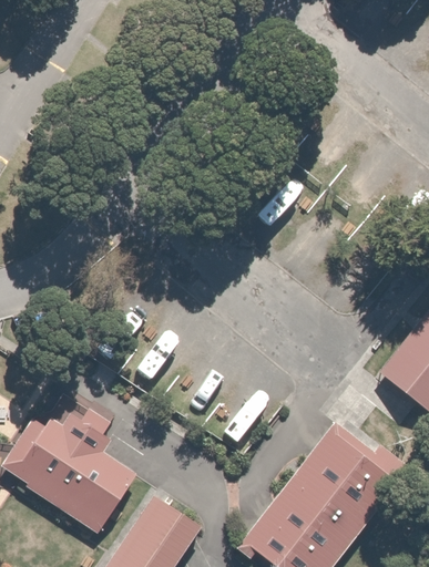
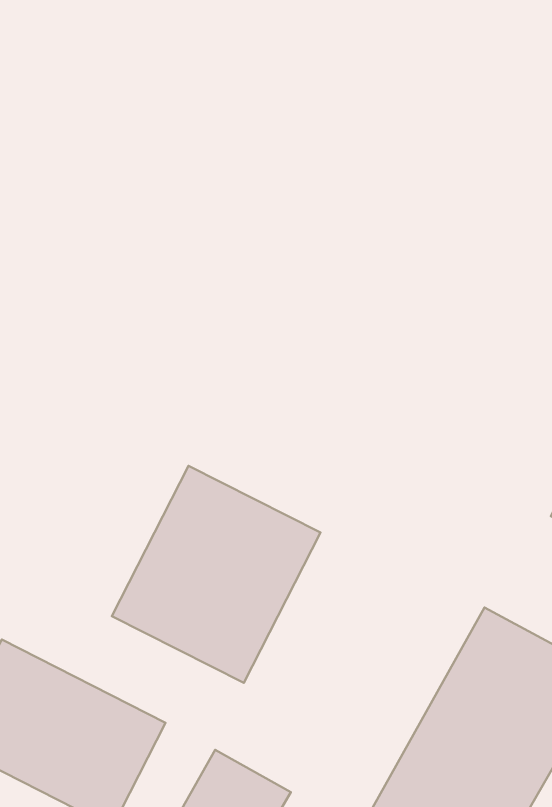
building: none -> [112,466,321,683]

